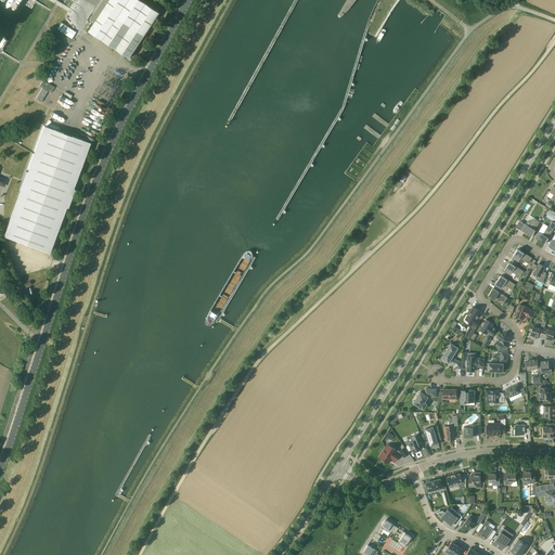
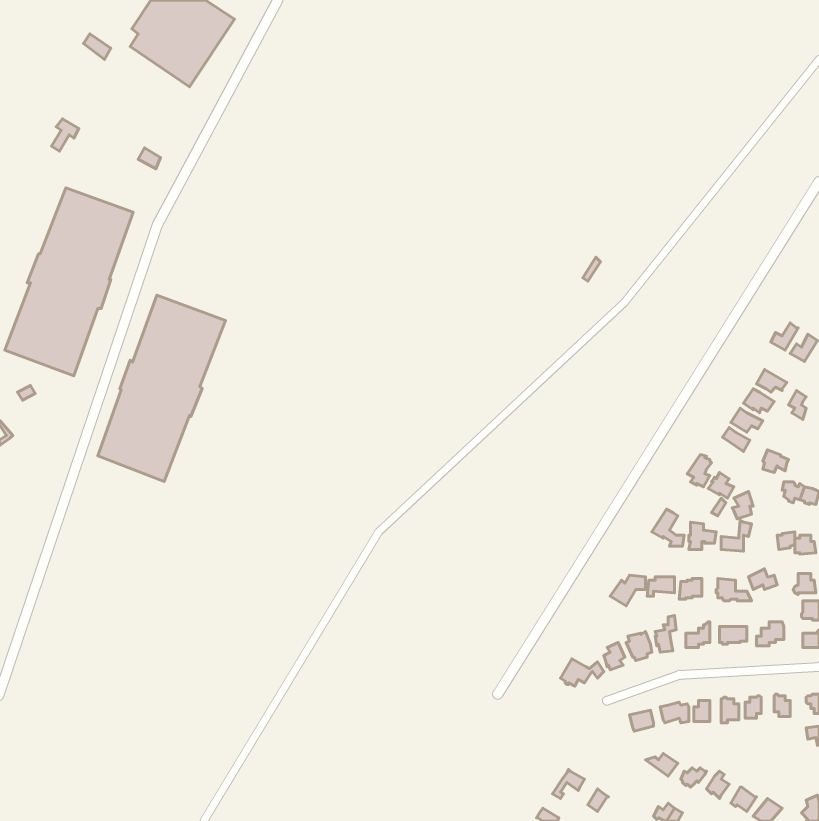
building: none -> [98,295,225,481]

